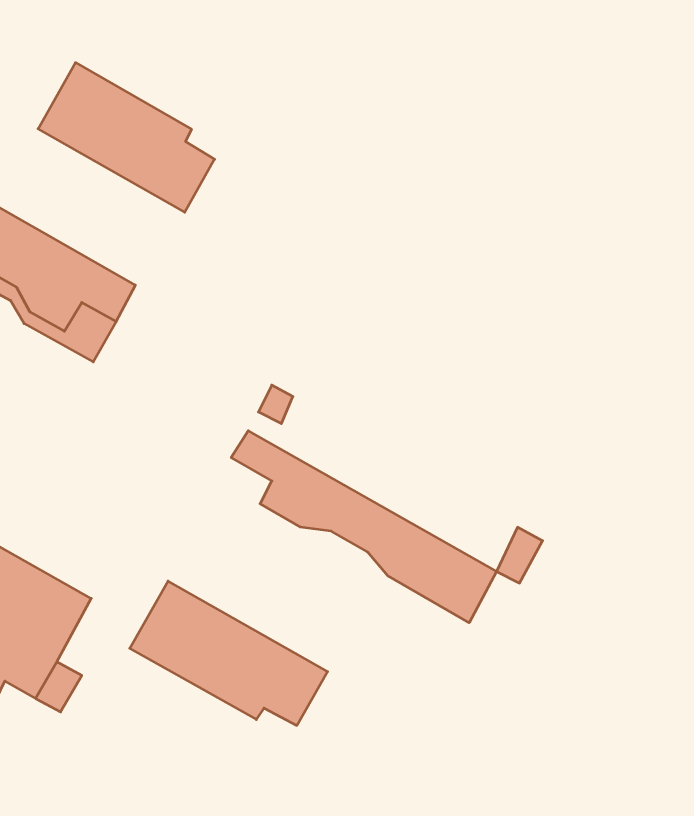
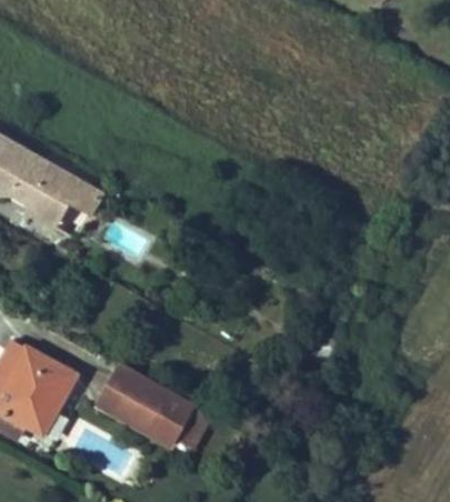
building: [38,63,215,212] -> none
building: [231,431,497,623] -> none

